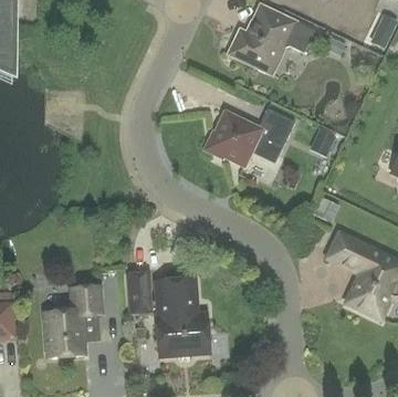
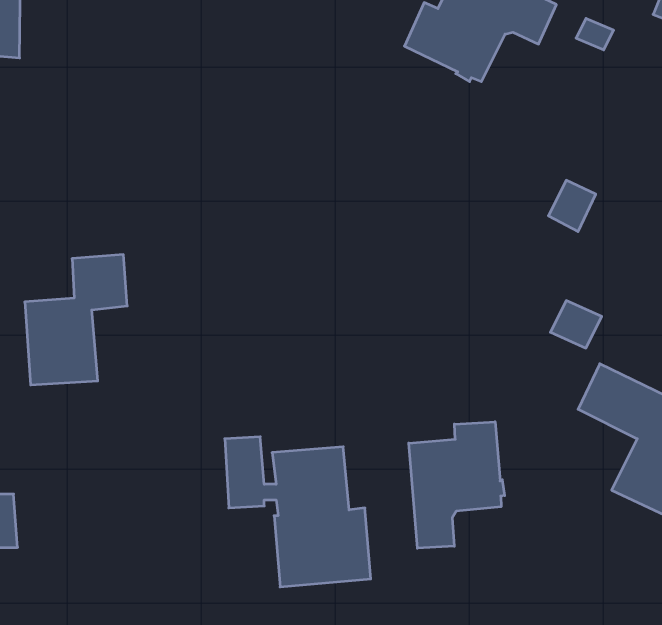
building: [205,107,295,166] -> none
building: none -> [409,422,505,548]
building: [44,284,102,357] -> [25,255,127,385]

